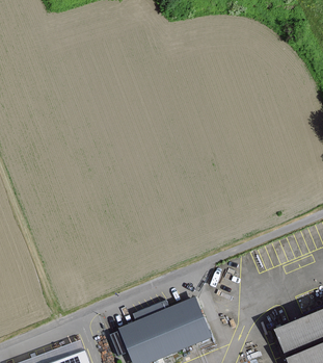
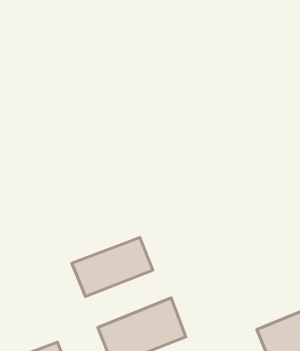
building: none -> [72,237,153,296]

